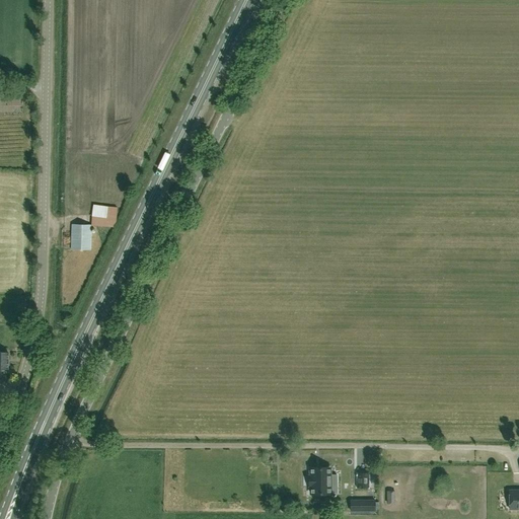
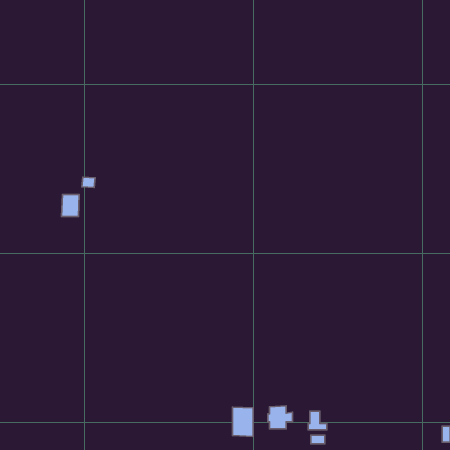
building: none -> [233,407,253,436]

